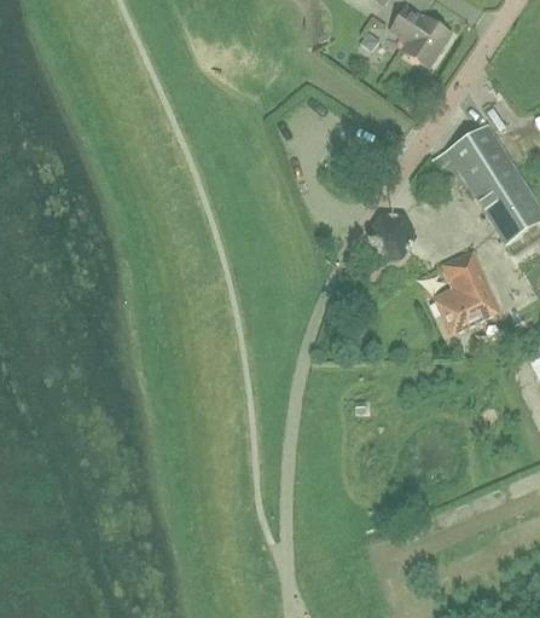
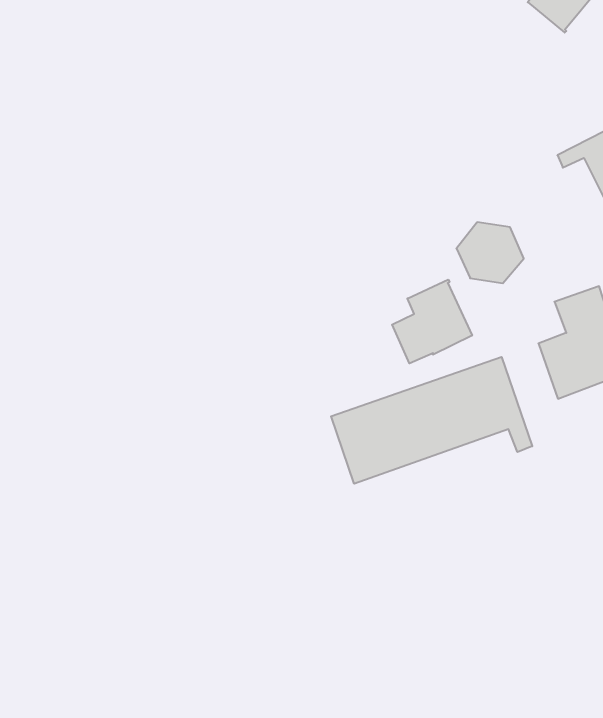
building: none -> [392,280,472,363]
building: none -> [331,357,532,484]

